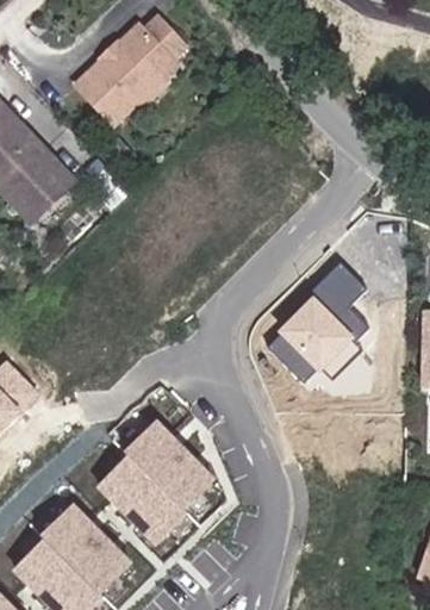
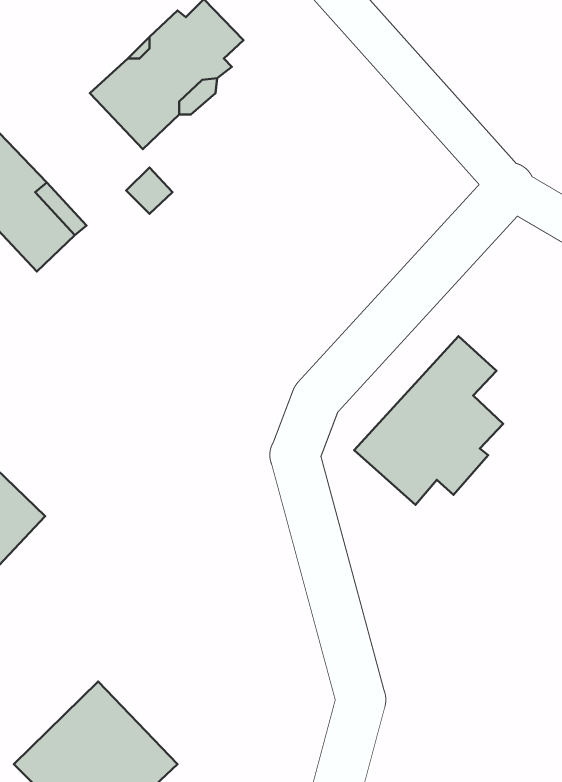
building: [99,425,218,544] -> none

